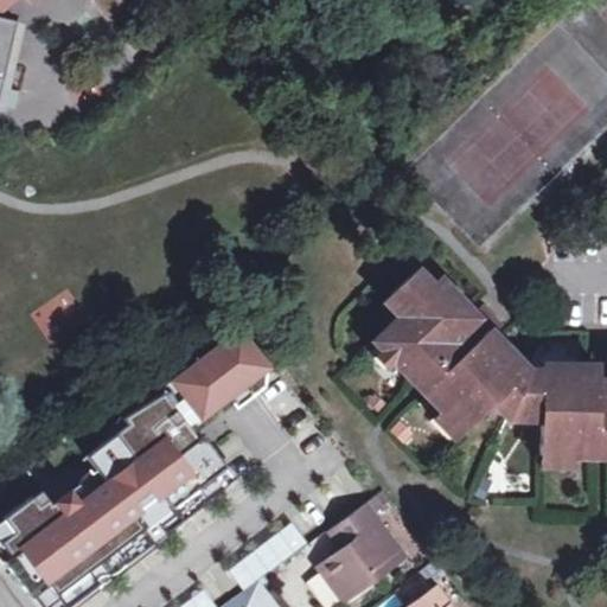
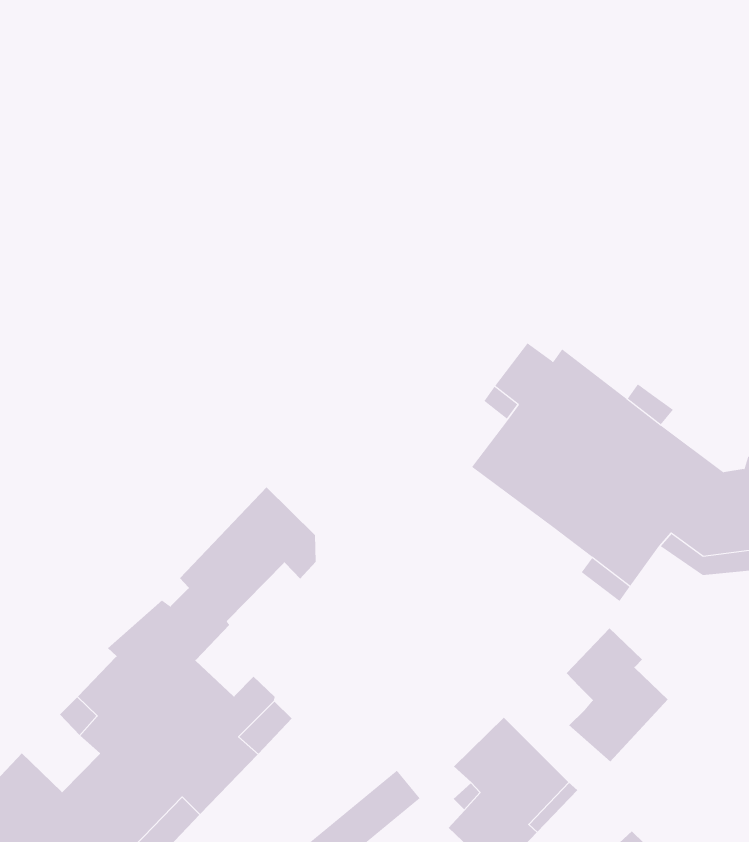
building: none -> [566,628,668,763]

